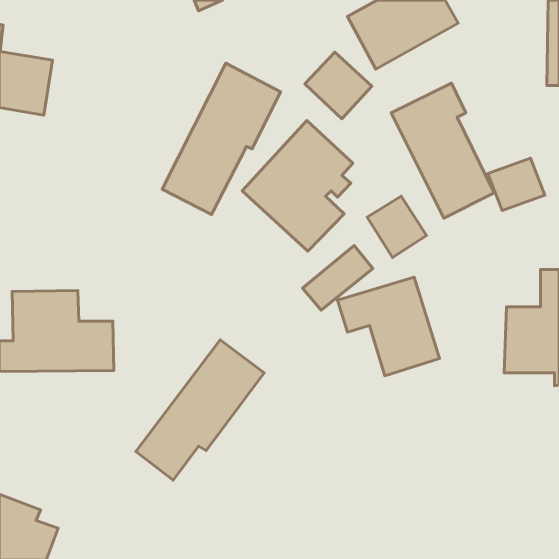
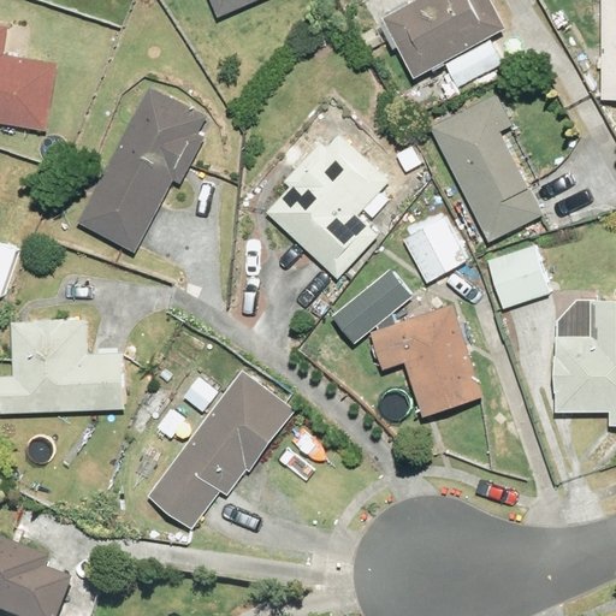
building: [305,52,372,119] -> none
building: [162,63,281,214] -> [78,85,208,251]
building: [488,158,545,211] -> [486,249,549,307]

